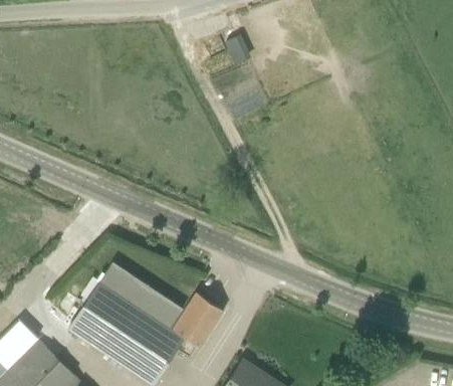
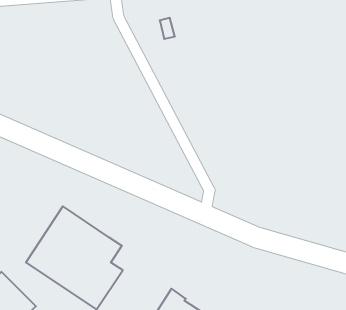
building: [173,293,223,347] -> none

